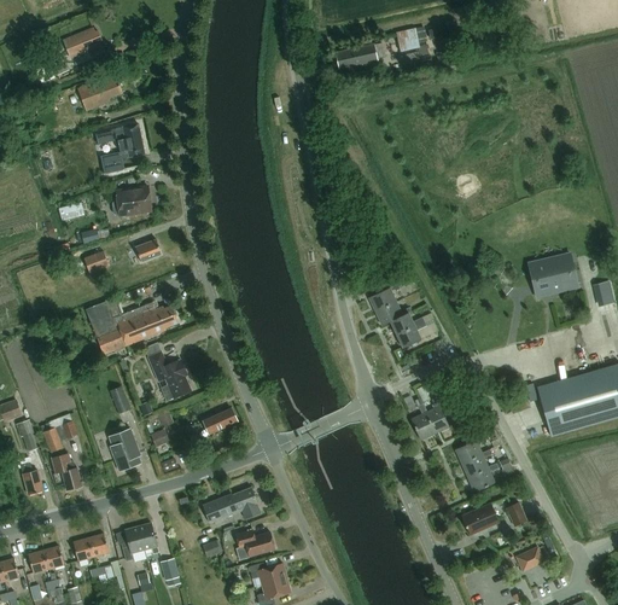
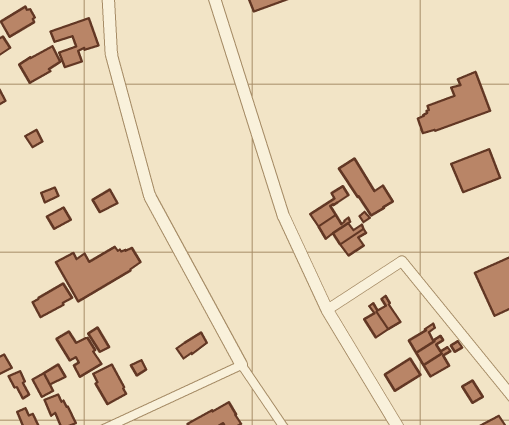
building: [95,123,145,173] -> [51,18,98,67]
building: none -> [418,72,490,133]
building: [112,186,151,215] -> none
building: none -> [339,158,393,216]
building: none -> [32,284,72,317]
building: [147,350,192,401] -> [57,332,101,377]
building: [461,502,500,535] -> [385,358,420,391]

